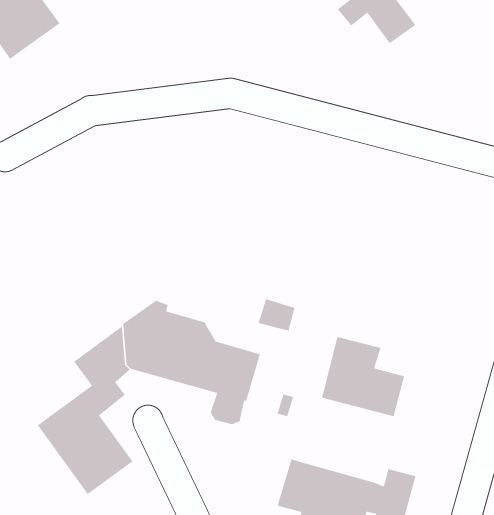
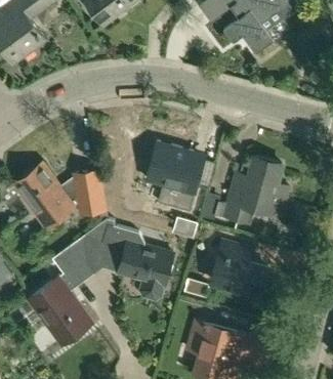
building: none -> [149,143,201,210]
building: none -> [203,158,289,224]
building: none -> [14,164,107,226]

